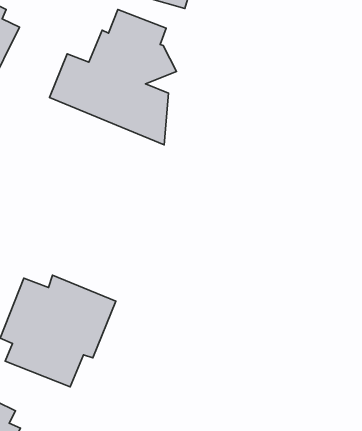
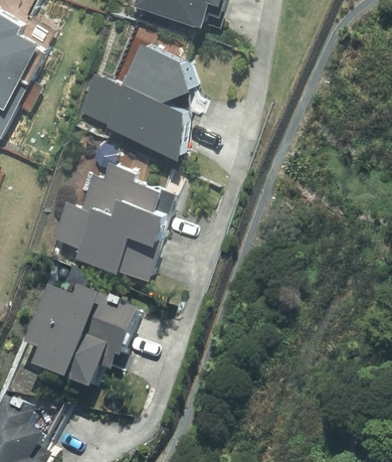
building: none -> [52,160,176,282]

